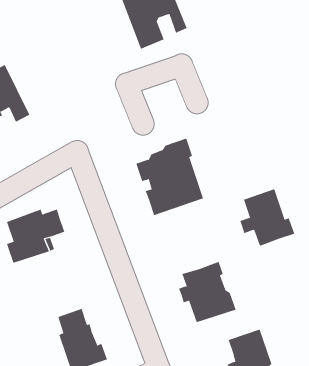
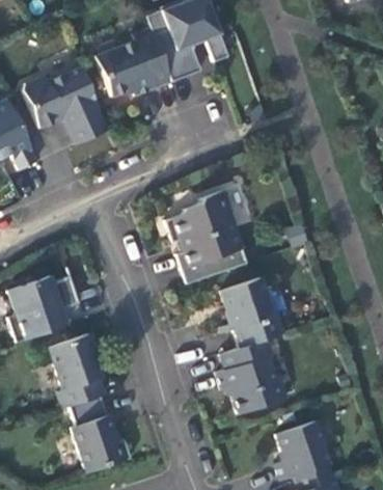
building: none -> [94,28,171,97]
building: none -> [23,66,109,143]
building: [240,188,295,247] -> [218,277,285,348]
building: none -> [50,333,106,408]

